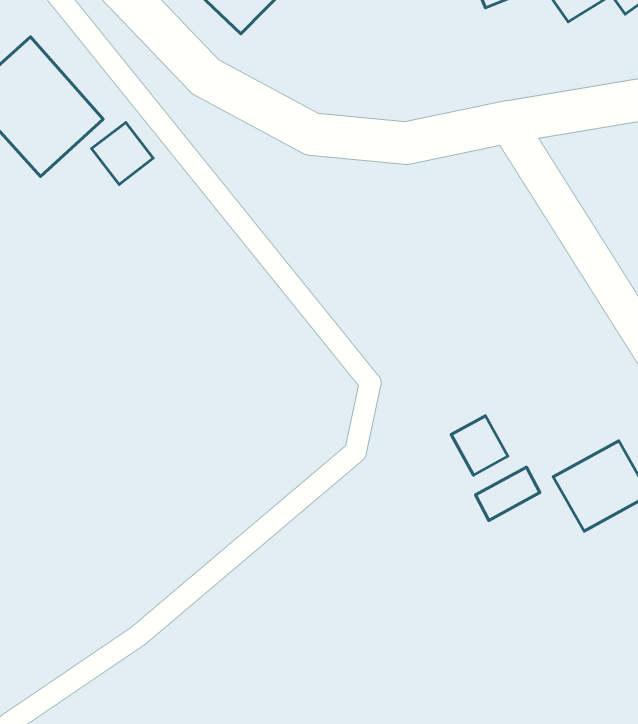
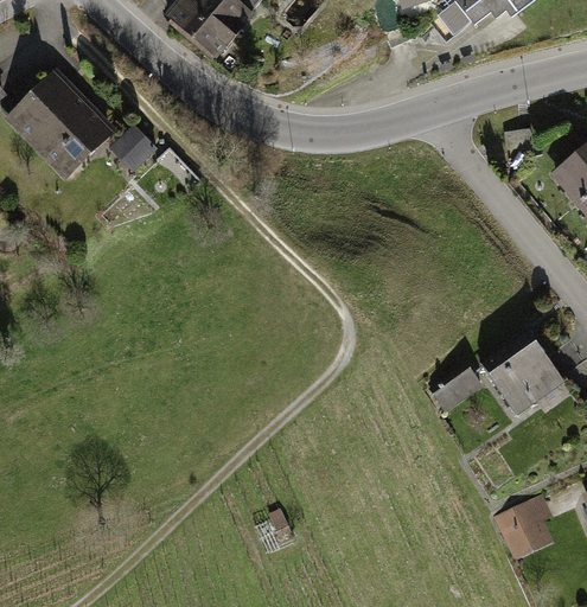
building: [451,416,508,475] -> none
building: none -> [492,496,549,562]

